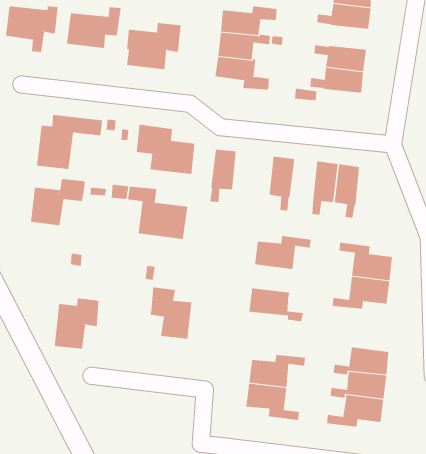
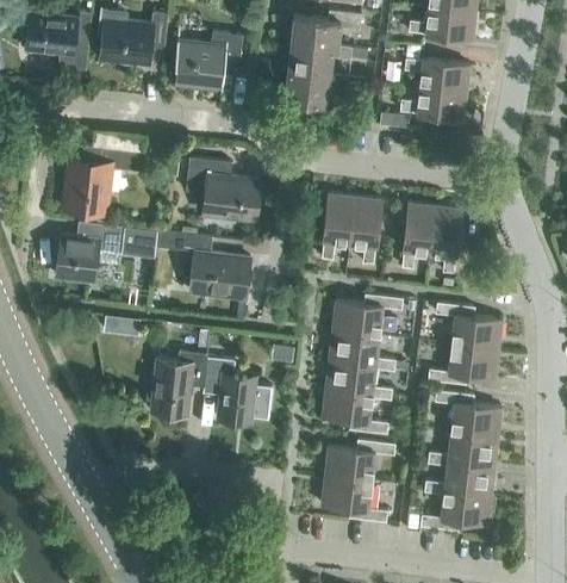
building: [209,149,237,203] -> [322,193,355,259]
building: none -> [329,329,395,371]
building: [54,298,99,349] -> [151,351,207,414]
building: none -> [322,387,388,433]
building: none -> [436,390,501,436]

